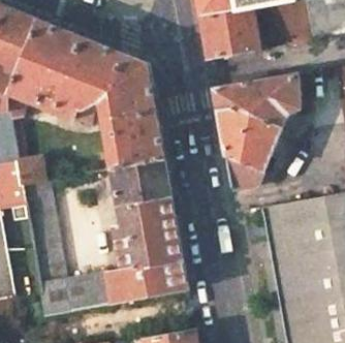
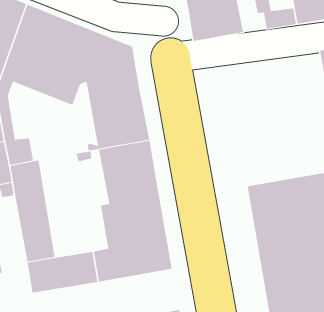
building: [213,71,315,187] -> none

